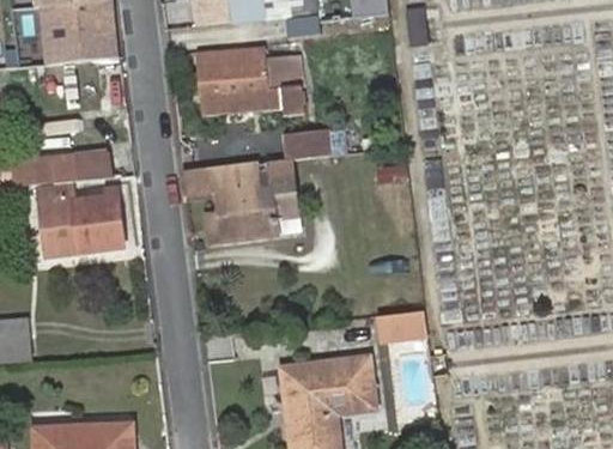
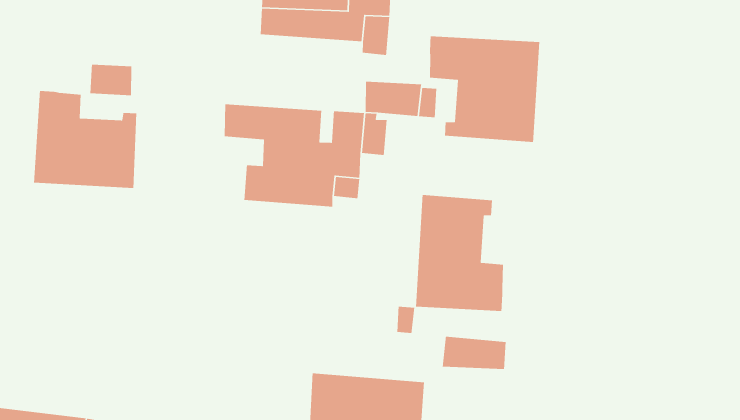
building: none -> [429,36,540,143]
building: [17,158,79,187] -> none
building: none -> [415,194,504,312]

